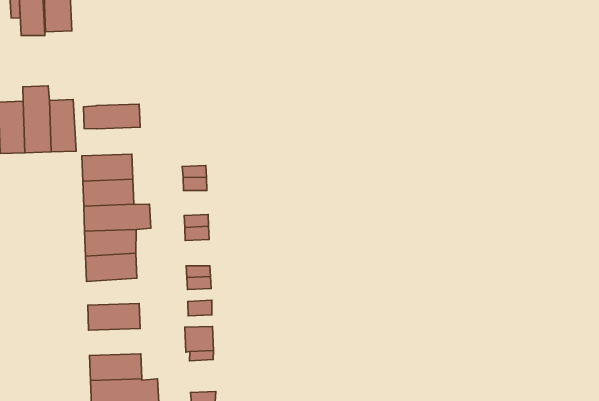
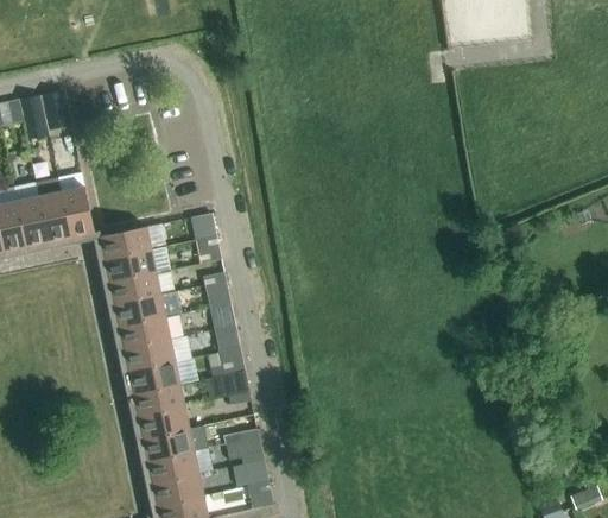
building: [84,104,140,129] -> none
building: none -> [122,337,173,369]
building: none -> [132,383,183,415]

